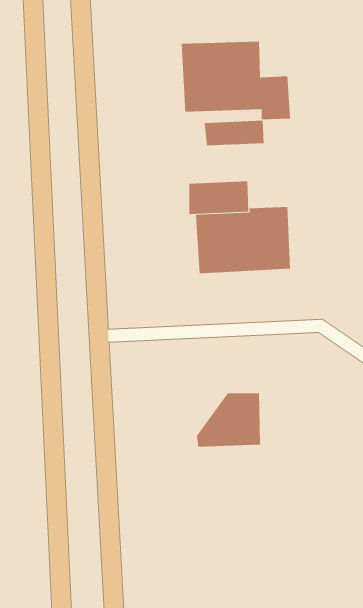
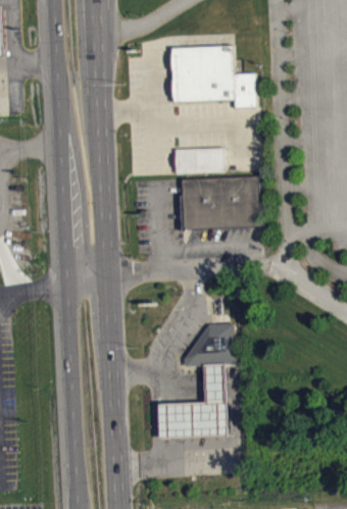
building: [204,120,264,146] -> none
building: none -> [154,363,226,441]

